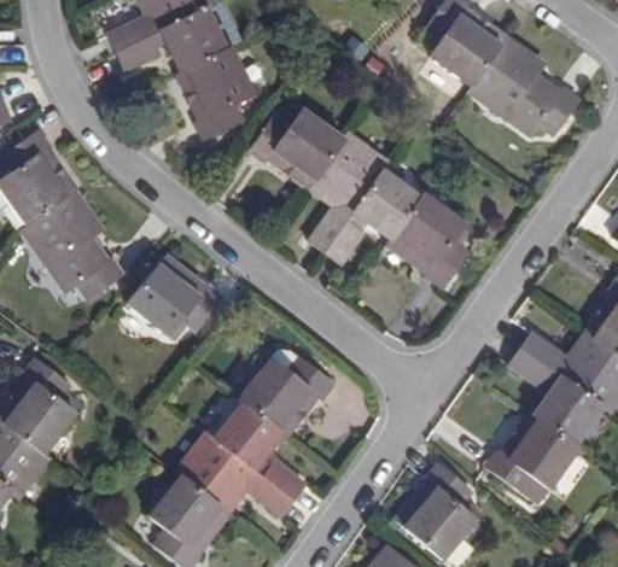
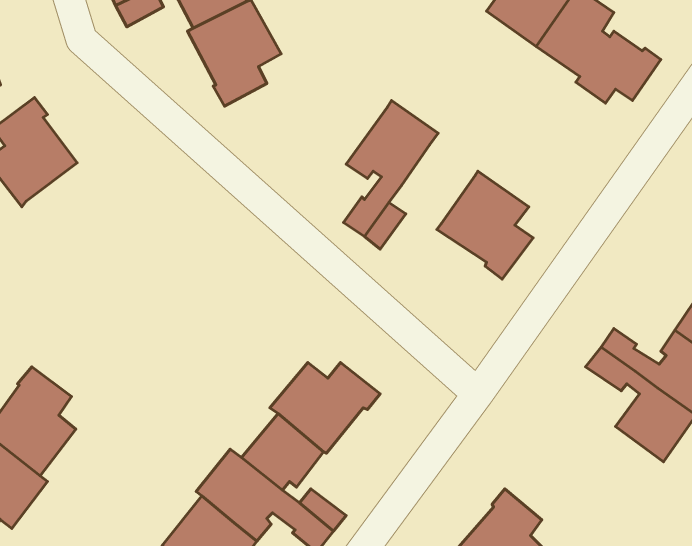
building: [249,110,342,188] -> none
building: [354,171,416,239] -> none
building: [30,187,132,296] -> none
building: [139,258,232,338] -> none
building: [489,410,582,503] -> none

